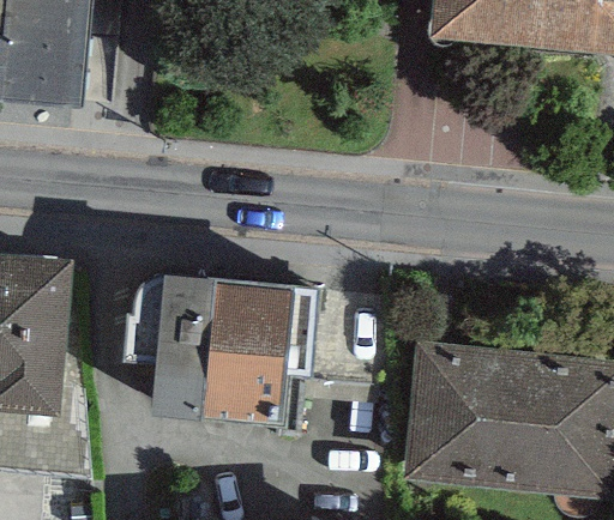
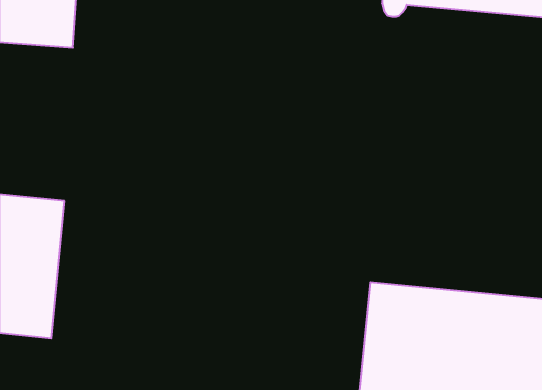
building: [149,268,318,418] -> none

